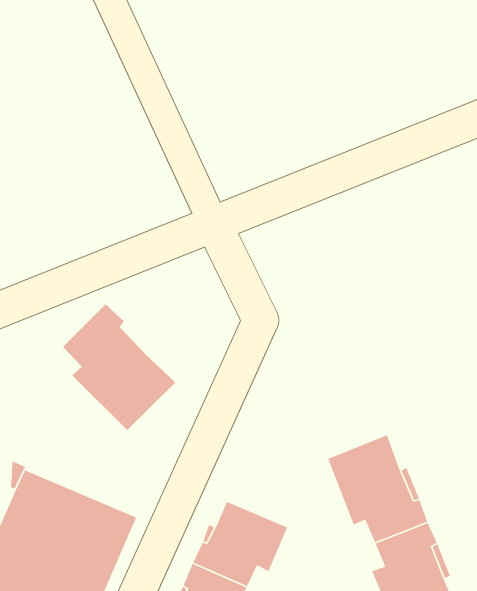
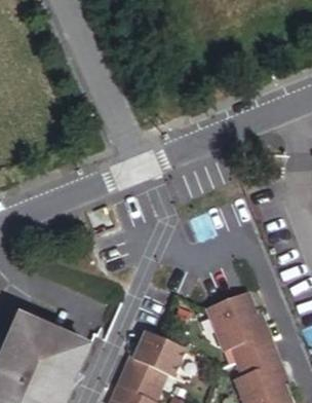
building: [62,303,176,431] -> none

